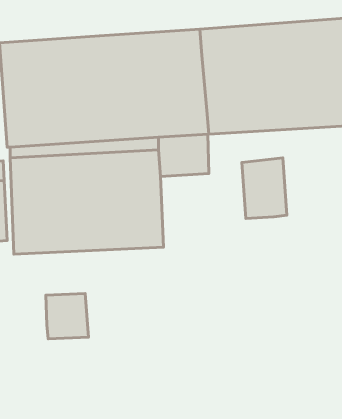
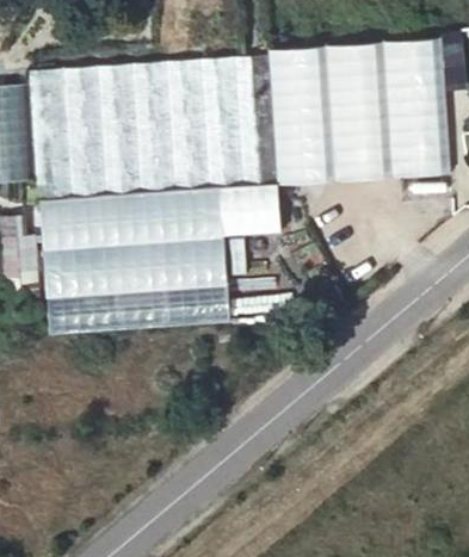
building: [242,158,287,219] -> none
building: [46,294,88,339] -> none

